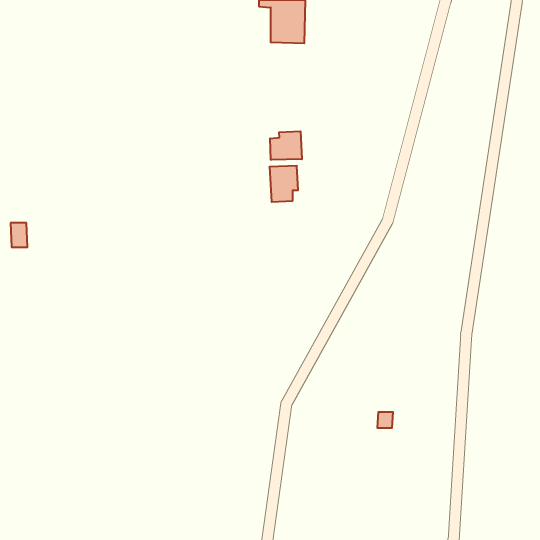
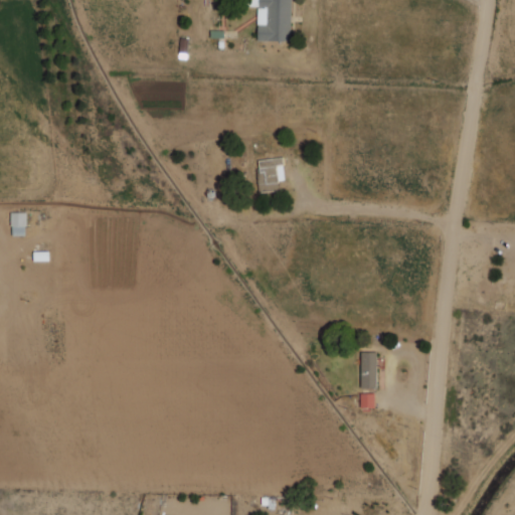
building: [270,131,302,160] -> none
building: none -> [360,352,376,388]

